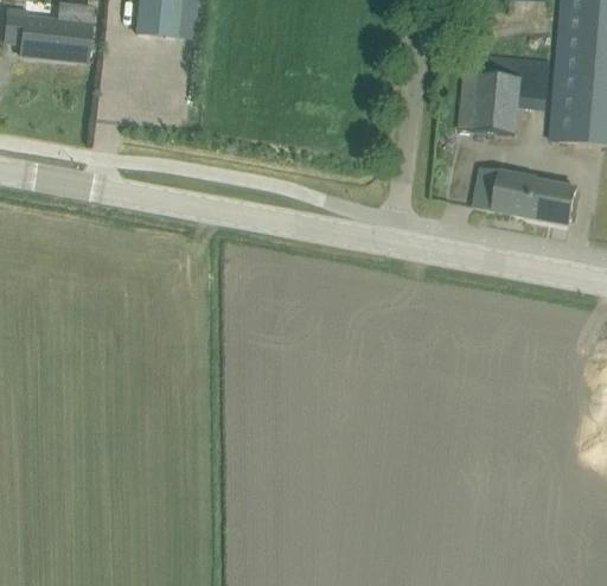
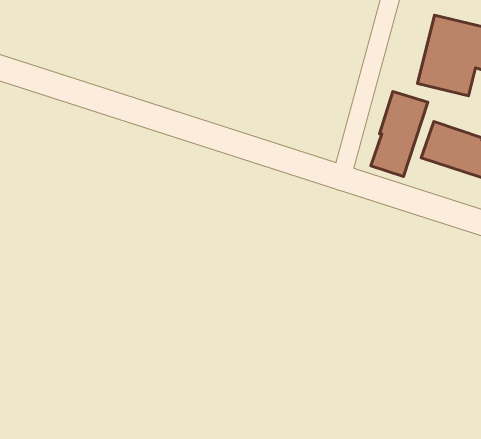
building: none -> [371,91,428,176]

